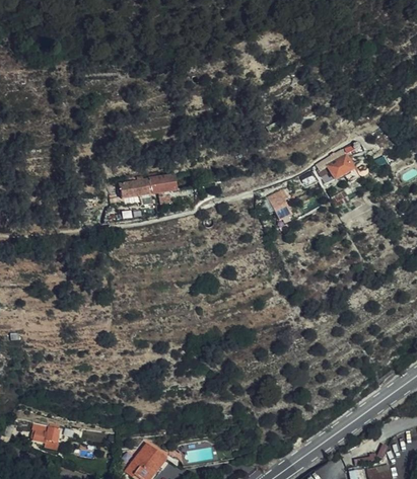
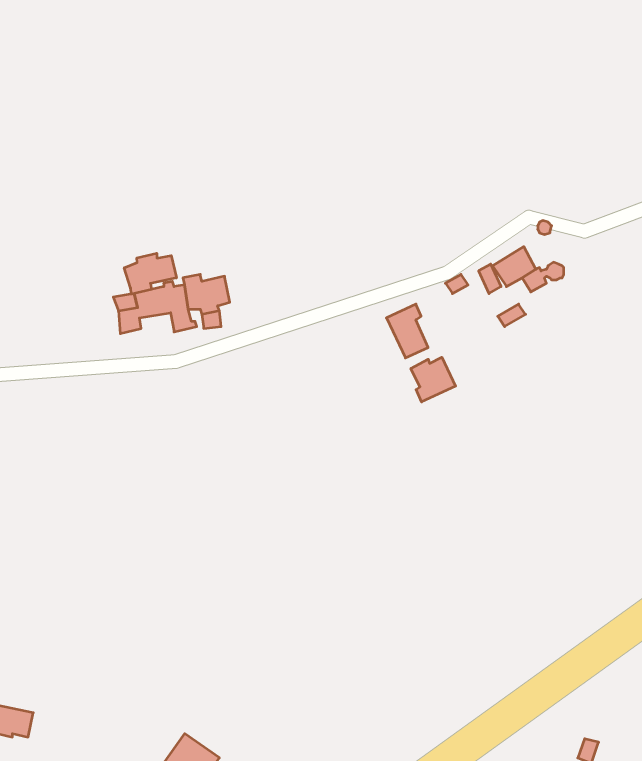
building: none -> [124,253,176,294]
building: none -> [411,357,456,402]

